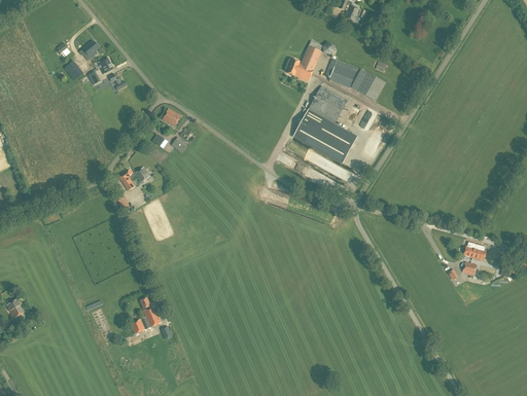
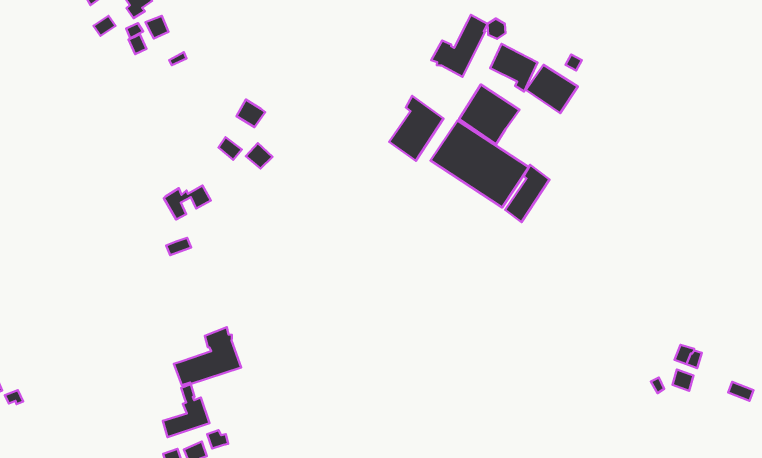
building: none -> [389,96,443,161]
building: none -> [505,165,549,222]
building: none -> [174,327,241,385]

